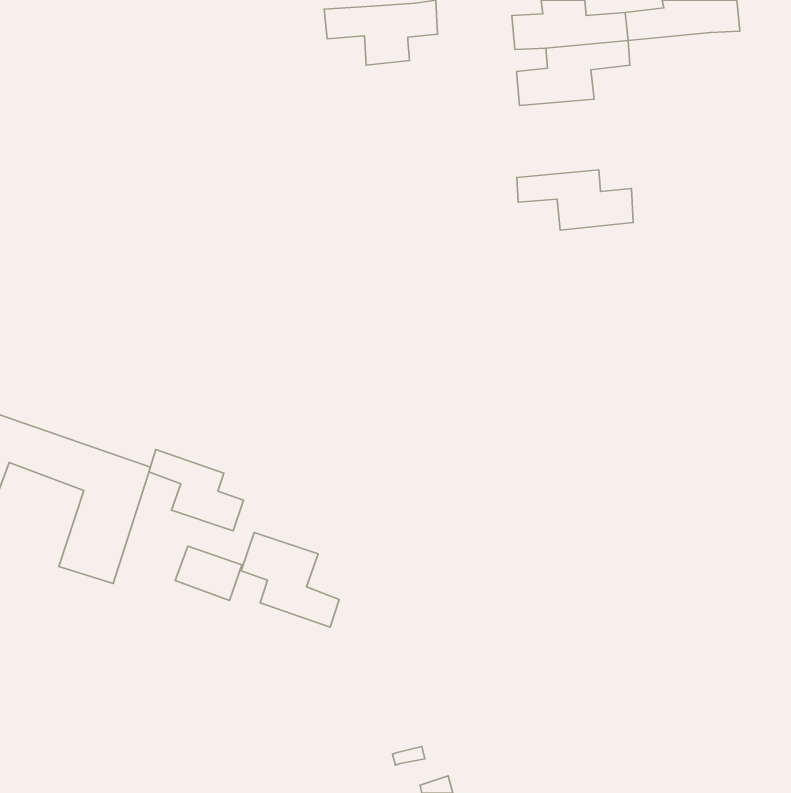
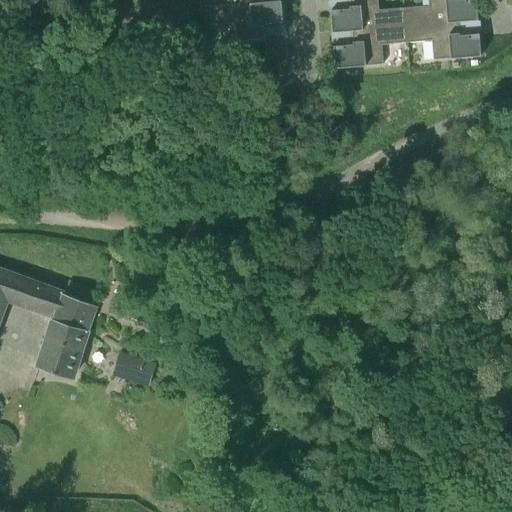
building: [517,170,633,230] -> [405,21,480,60]
building: [149,450,244,531] -> none
building: [241,533,339,627] -> none

